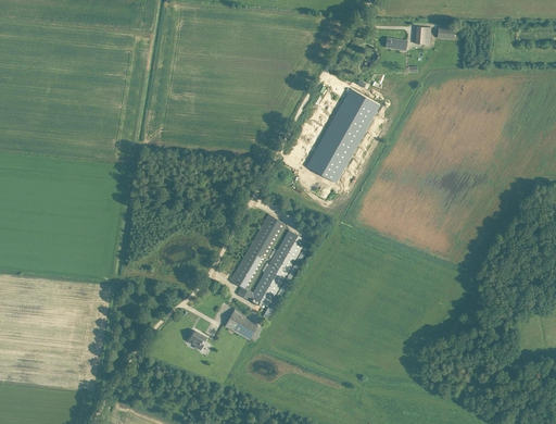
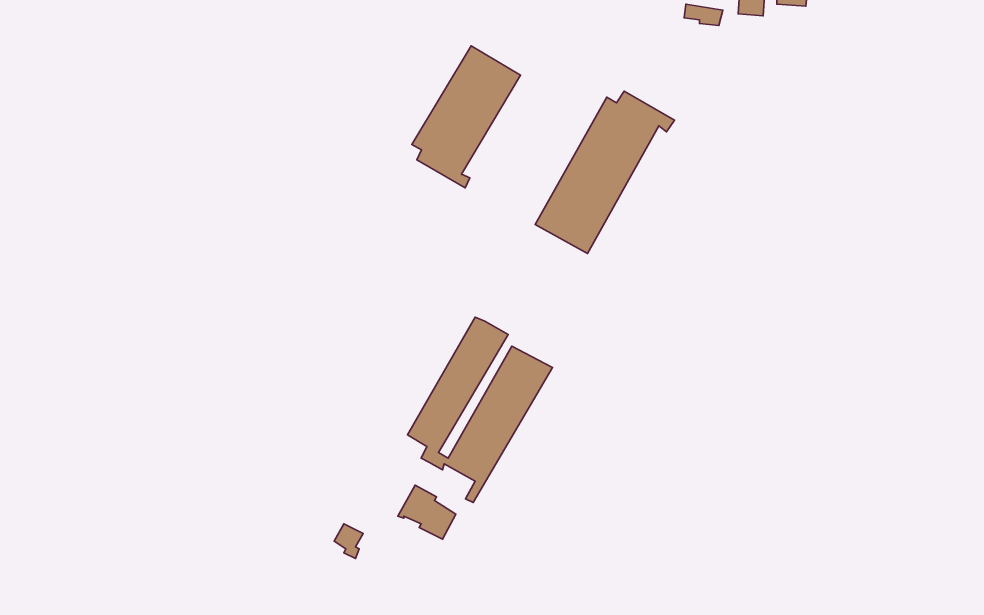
building: none -> [412,46,521,188]

